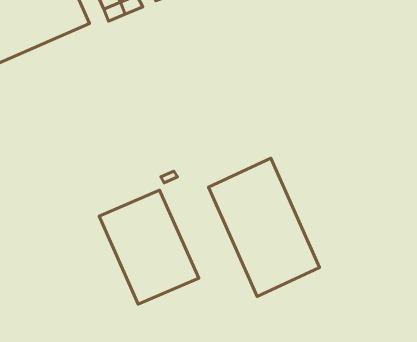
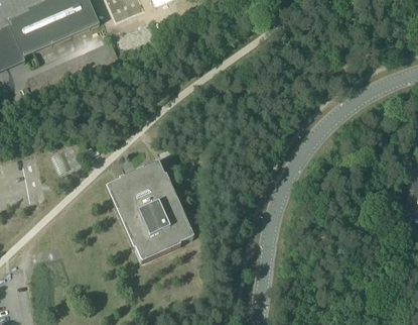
building: [208,158,320,296] -> none

